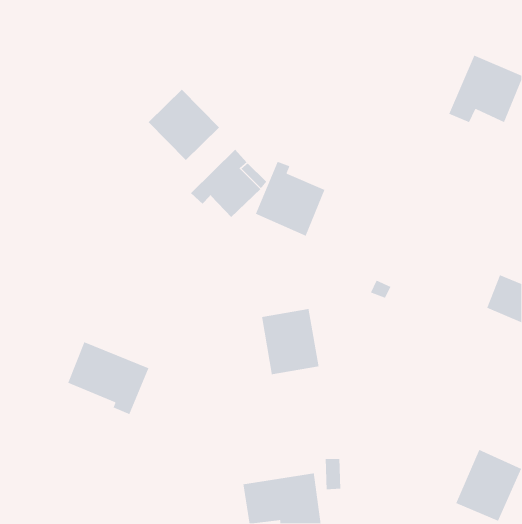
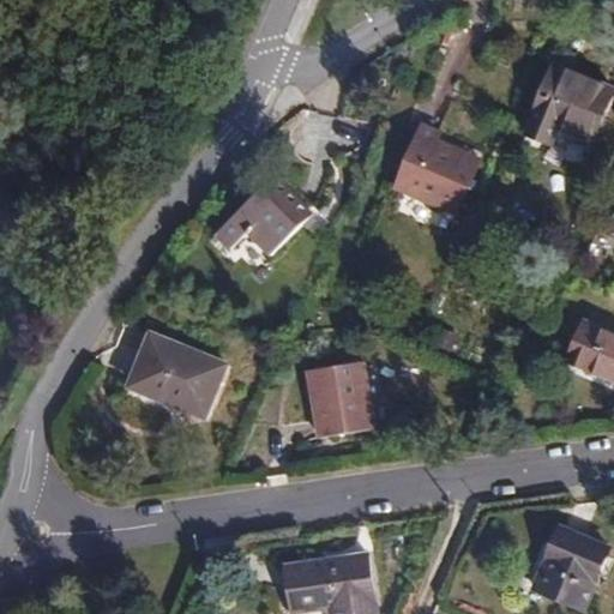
building: [148,89,220,161] -> none
building: [255,161,326,237] -> [395,125,477,213]
building: [67,341,149,415] -> [128,332,224,419]

